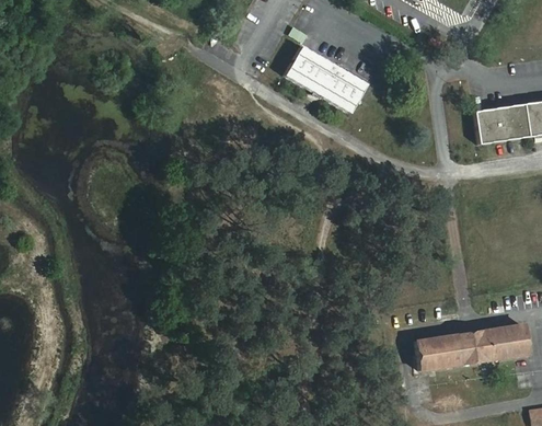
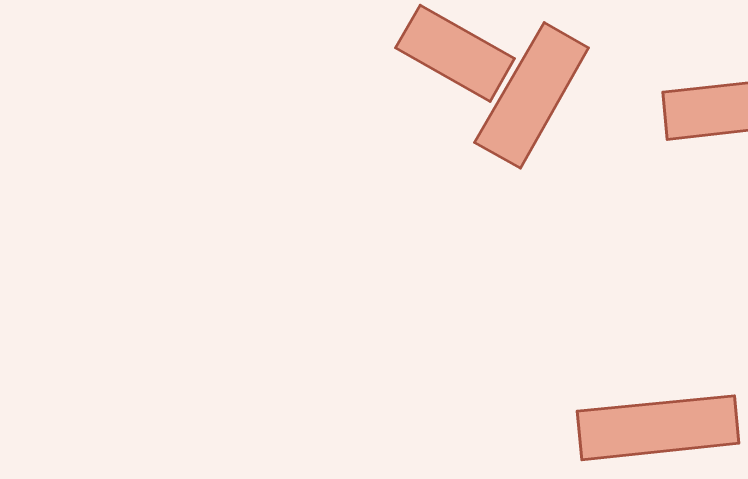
building: none -> [474,23,589,168]

